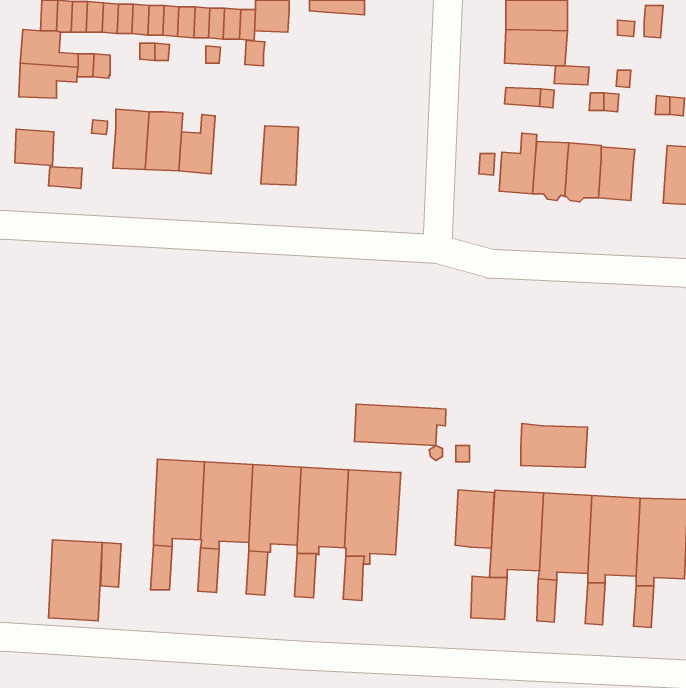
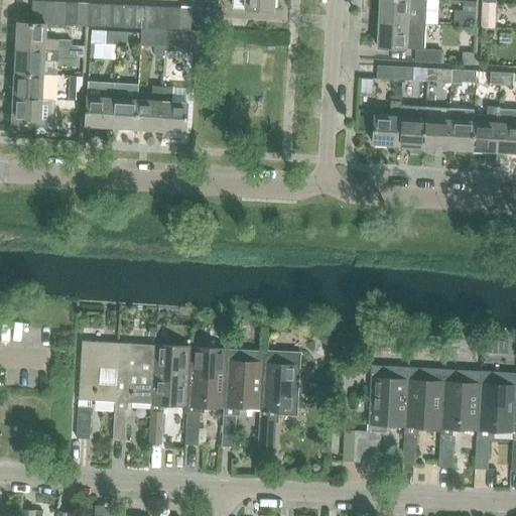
building: none -> [13,73,56,99]
building: [261,126,298,185] -> [159,87,187,131]
building: none -> [474,108,501,152]
building: [354,404,446,446] -> none
building: [521,423,587,467] -> none
building: [455,490,494,548] -> none
building: [48,540,102,621] -> [79,342,119,402]

